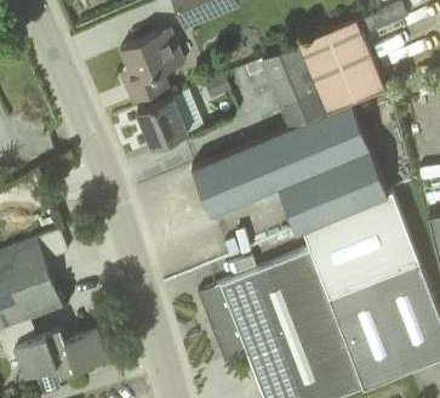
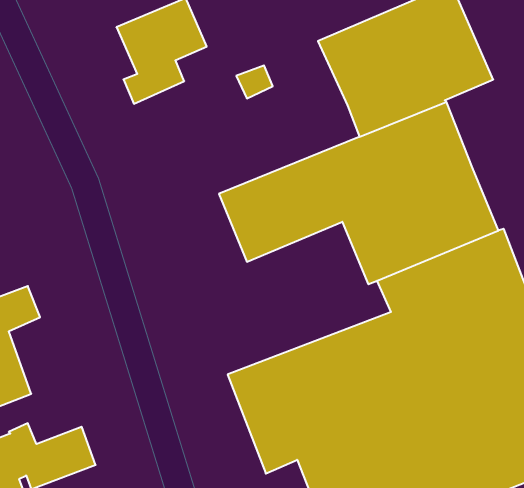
building: [136,98,187,149] -> none

